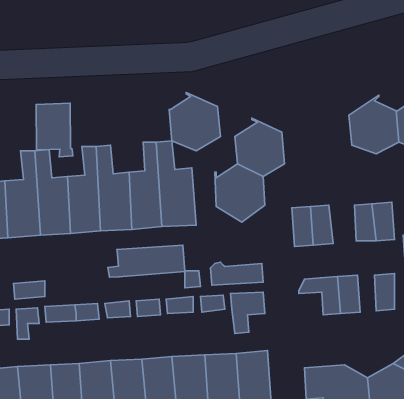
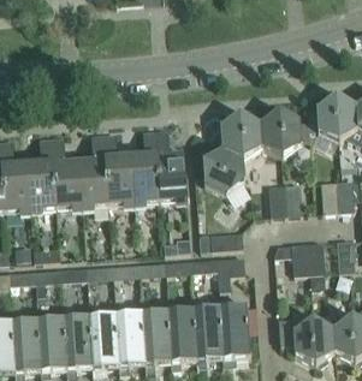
building: [169,92,220,151] -> [259,107,302,156]
building: [36,103,73,157] -> none
building: [108,245,185,277] -> none

